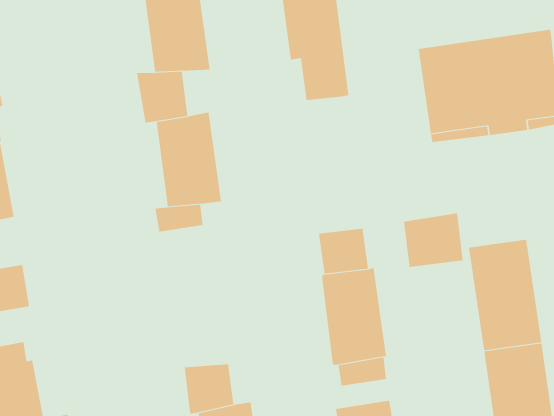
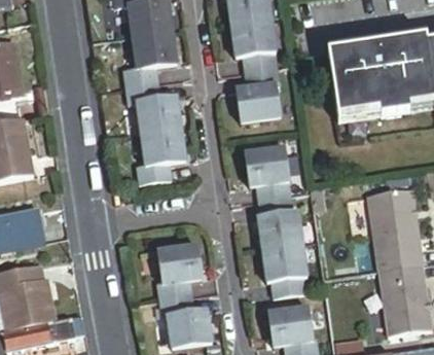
building: none -> [236,84,280,122]
building: [403,213,464,268] -> [245,146,289,186]
building: none -> [157,245,201,283]

